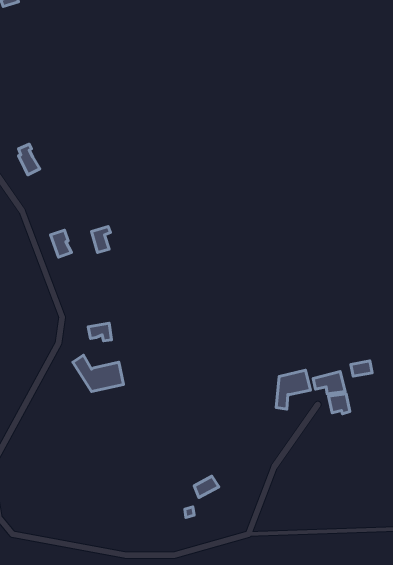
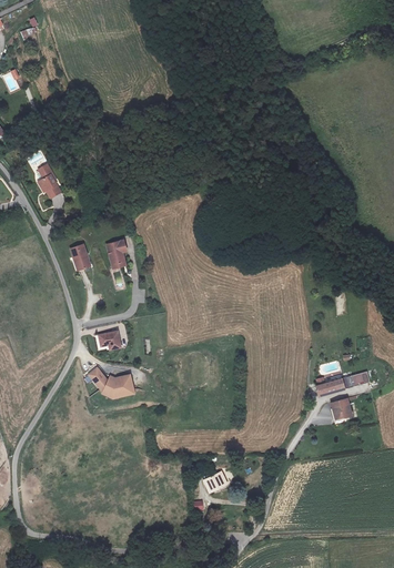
building: [276,370,311,409] -> none

